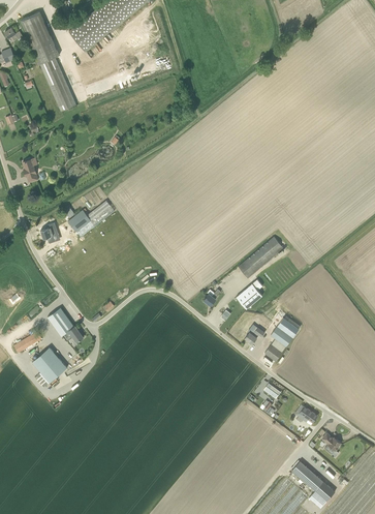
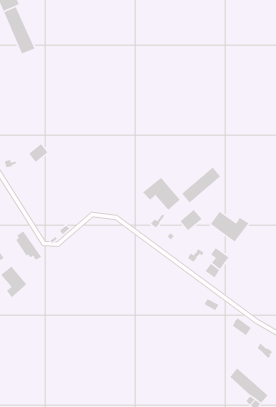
building: none -> [142,177,181,211]
building: none -> [210,211,249,242]

